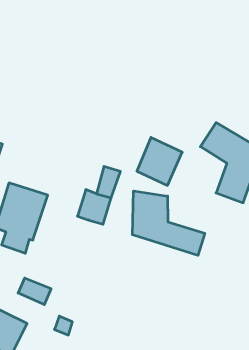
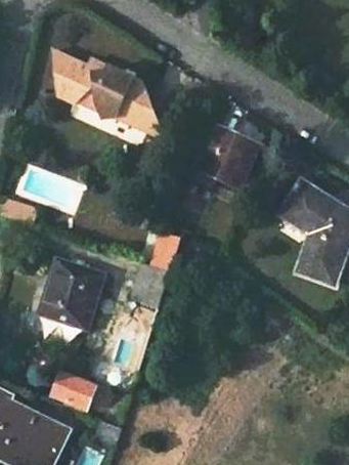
building: none -> [52,48,163,137]
building: [137,137,182,185] -> [203,127,259,186]
building: [132,191,205,255] -> none

